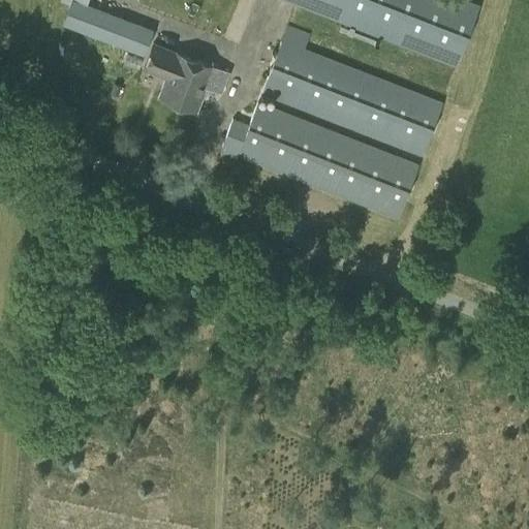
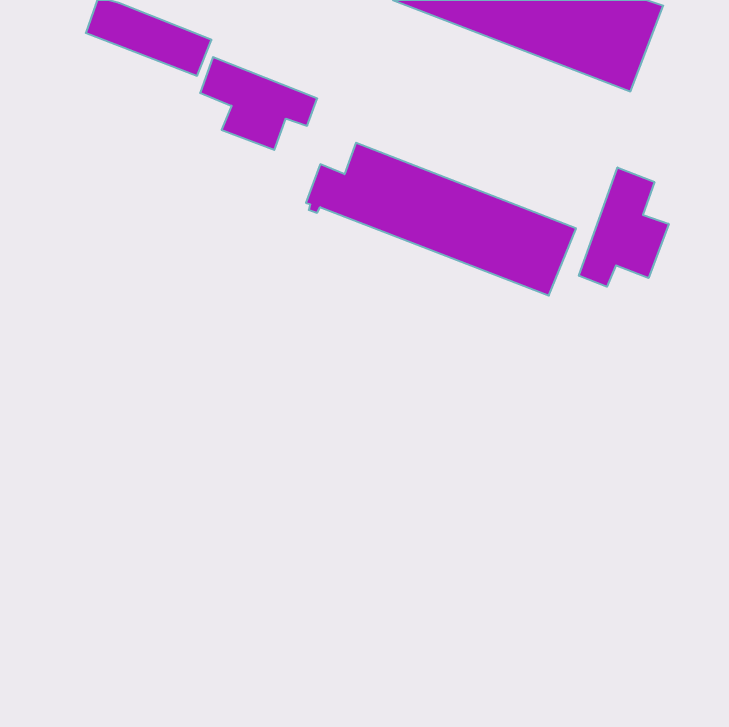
building: [262,27,444,157] -> none
building: none -> [579,167,669,287]

